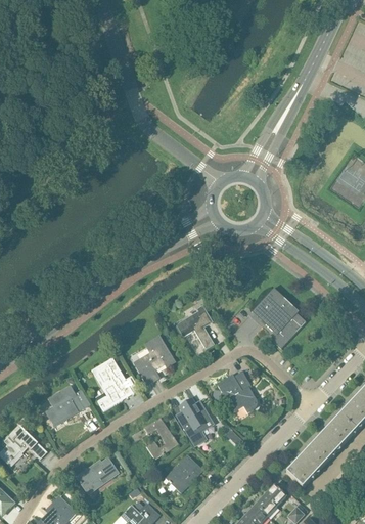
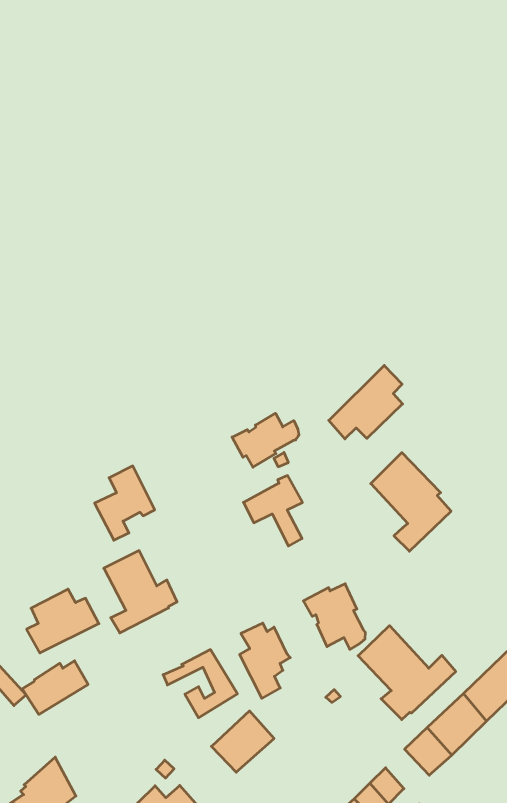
building: none -> [329,365,403,439]
building: none -> [232,413,299,467]
building: [136,335,174,382] -> [95,466,155,540]
building: none -> [358,626,456,720]
building: [77,457,118,492] -> [22,661,88,714]

